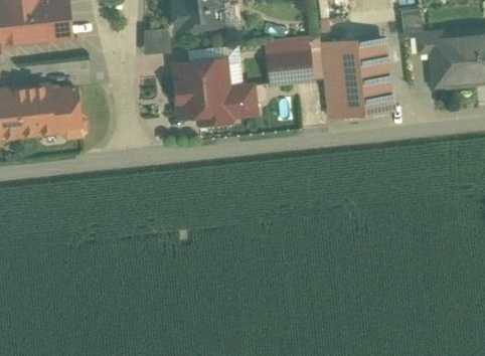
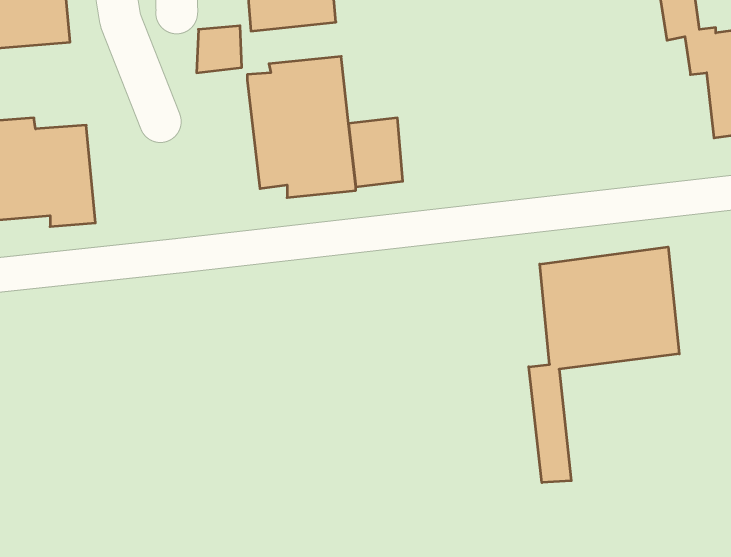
building: [320,35,395,119] -> none
building: [265,37,314,84] -> none
building: none -> [529,247,679,483]

